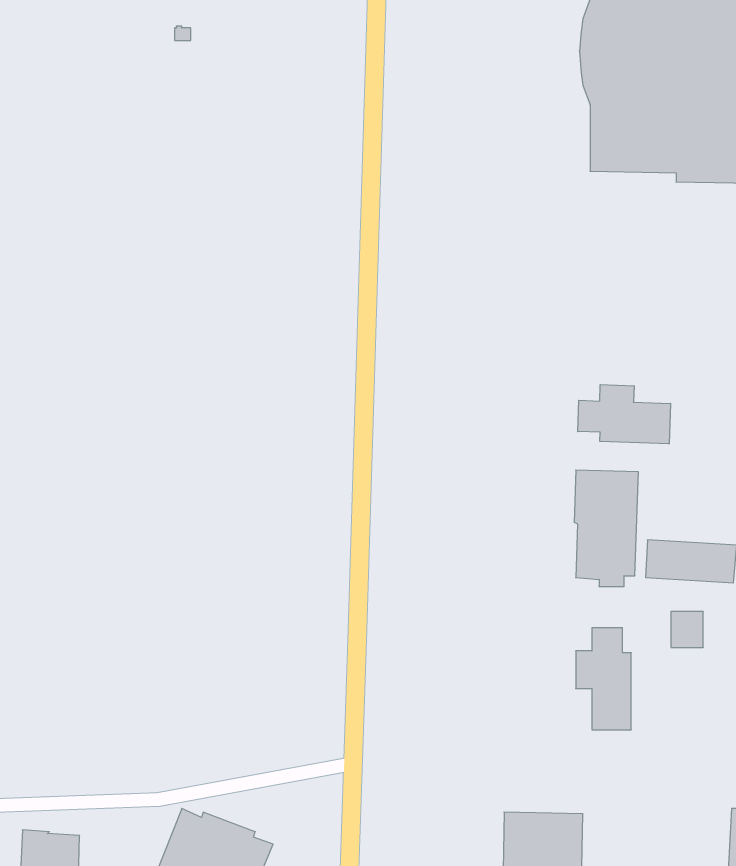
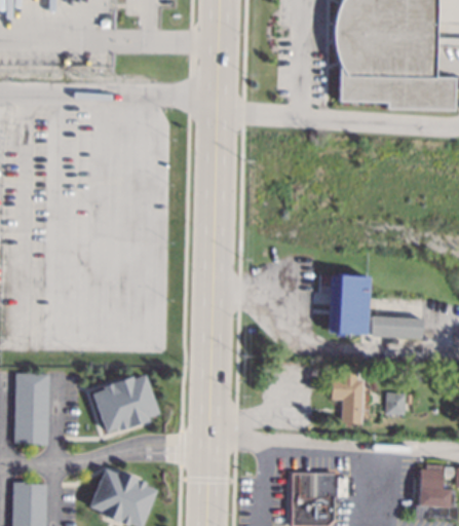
building: [578,385,671,444] -> none
building: [671,612,703,647] -> [387,392,406,413]
building: none -> [14,373,50,446]
building: none -> [93,375,160,433]

